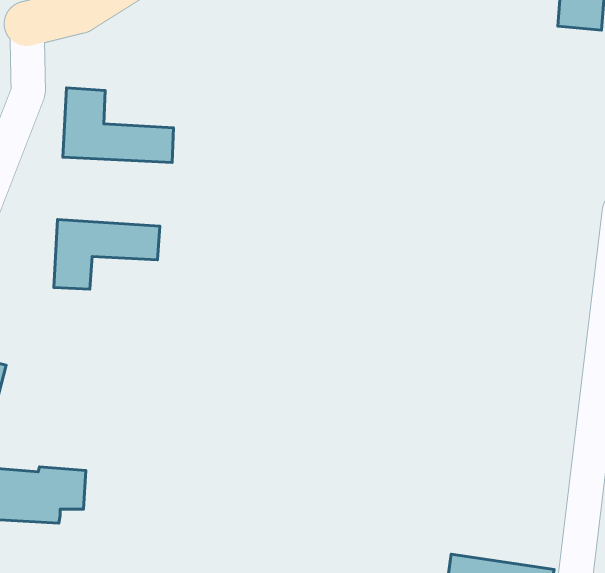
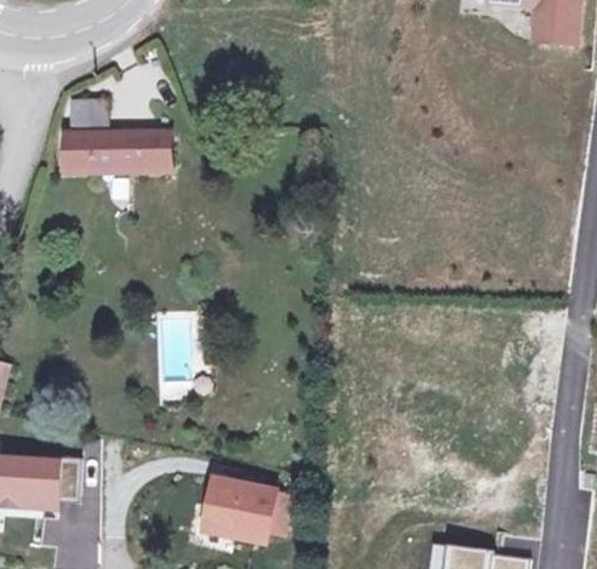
building: [54,219,160,289] -> none
building: none -> [210,485,294,545]

